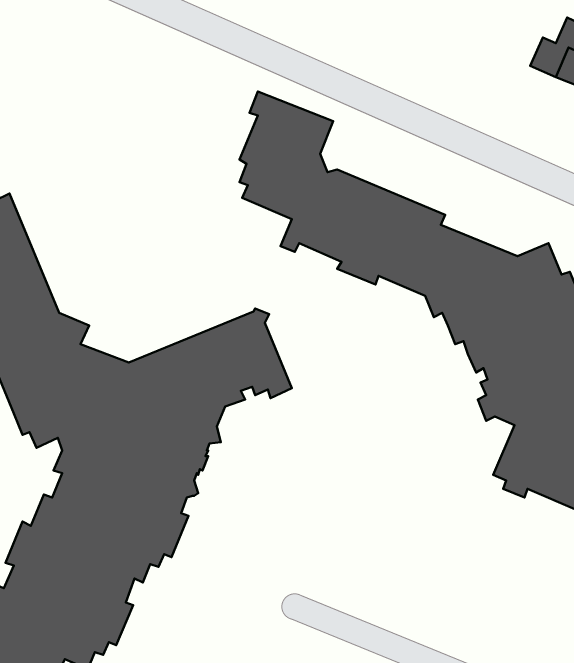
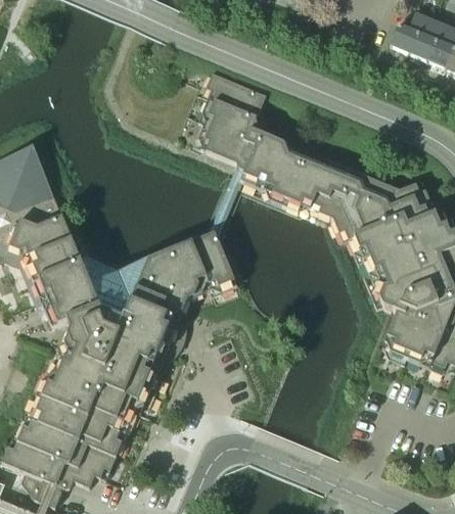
building: none -> [389,11,434,53]

